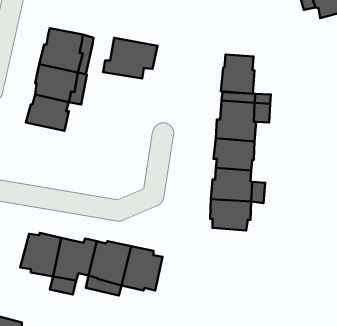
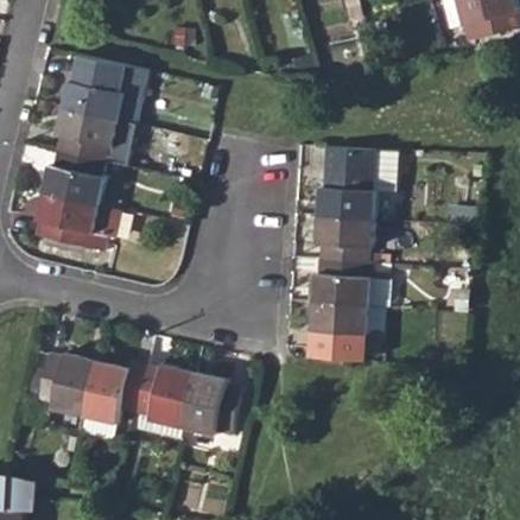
building: [103,38,158,78] -> none
building: [221,54,254,94] -> none
building: none -> [36,192,104,252]

